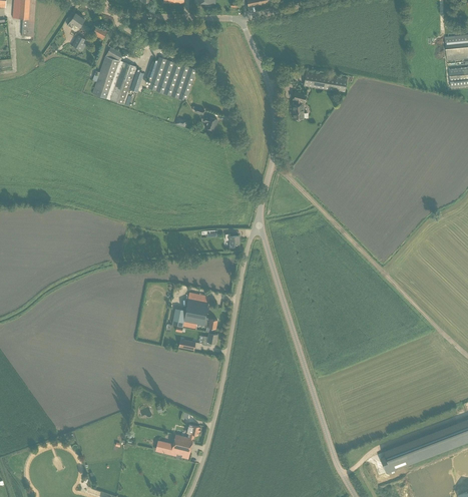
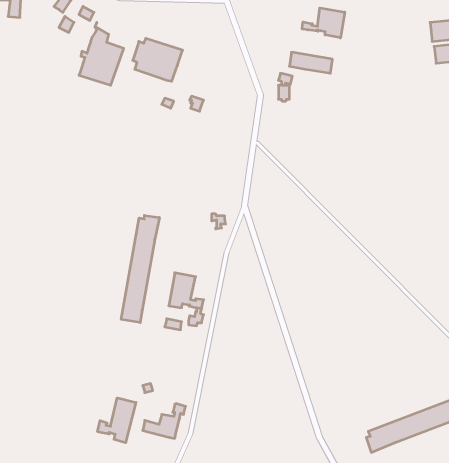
building: none -> [302,8,345,38]
building: none -> [121,215,159,323]
building: none -> [98,398,136,443]

